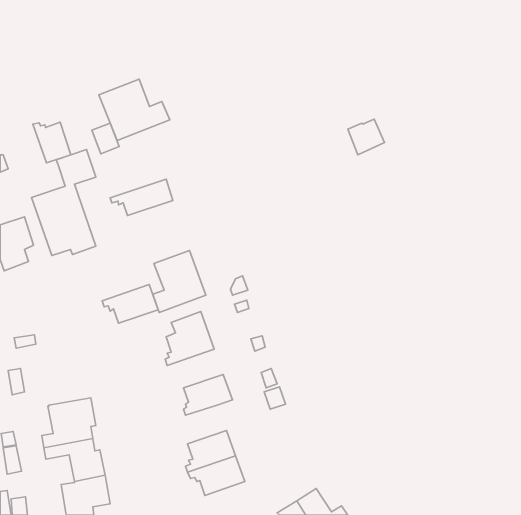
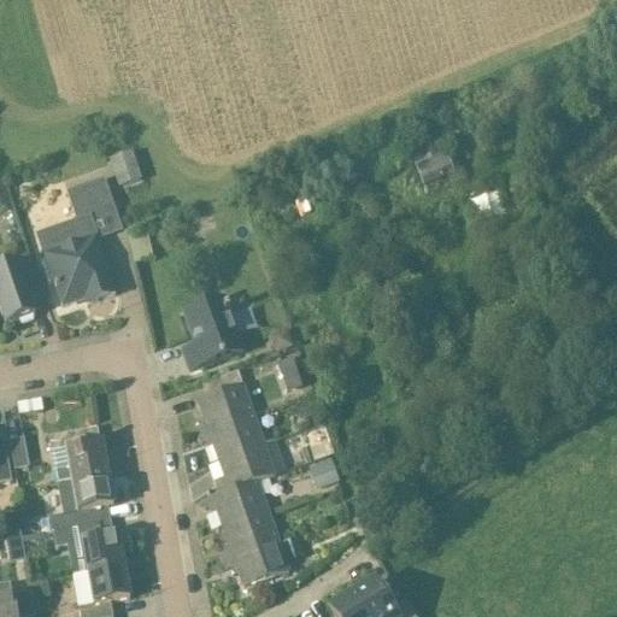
building: [99,79,170,140] -> none
building: [33,122,71,163] -> none
building: [110,179,173,216] -> none
building: [102,285,158,323] -> [198,413,264,459]
building: none -> [48,427,107,480]
building: none -> [200,480,268,525]

